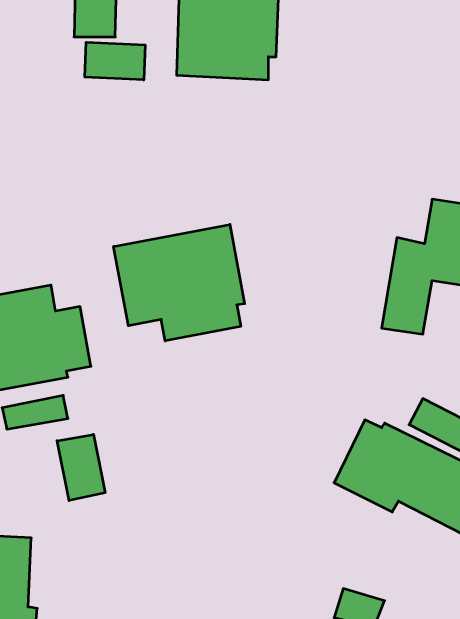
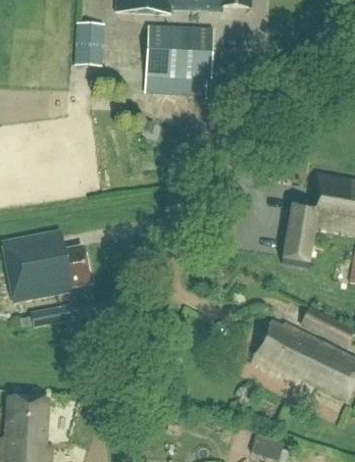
building: [85,42,145,80] -> none
building: [114,224,245,341] -> none
building: [57,434,105,501] -> none

